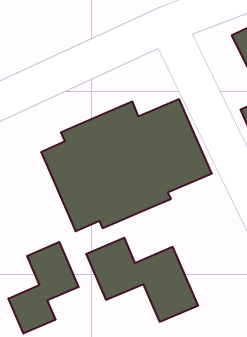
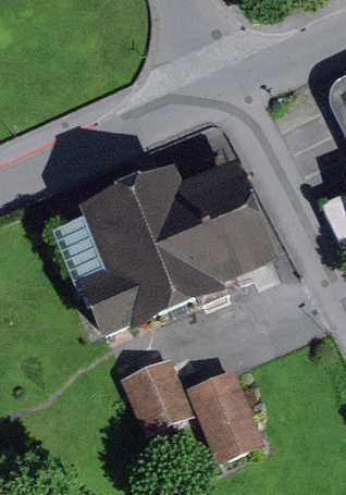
building: [8,242,79,334] -> none

